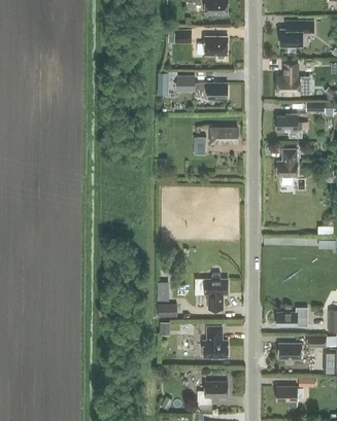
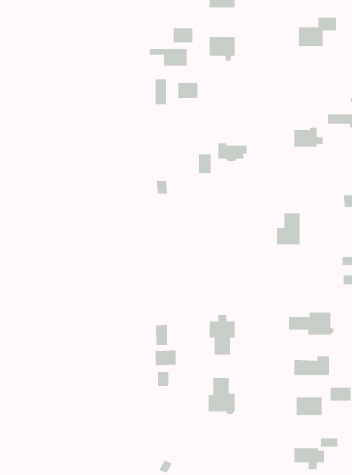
building: [276,62,300,94] -> none
building: [195,82,228,98] -> [149,48,187,66]
building: [276,148,297,176] -> [276,213,300,245]
building: none -> [288,312,334,335]
building: [197,382,227,404] -> none

